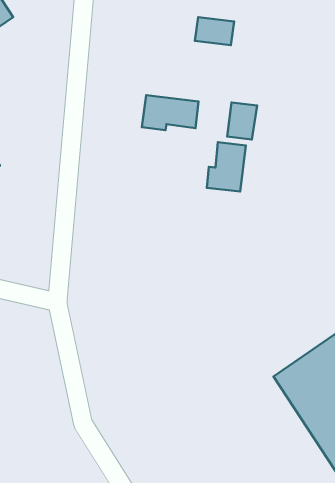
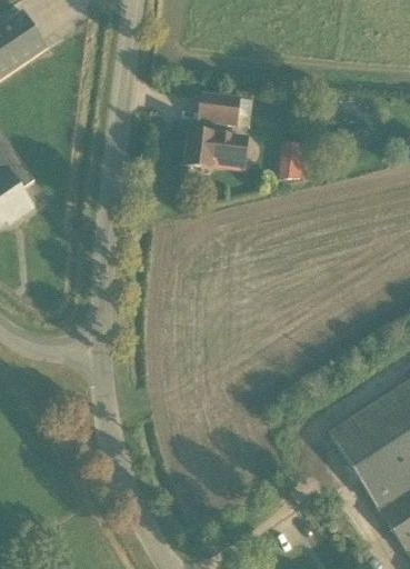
building: [195,17,234,45] -> [199,92,241,122]
building: [207,142,246,191] -> none

